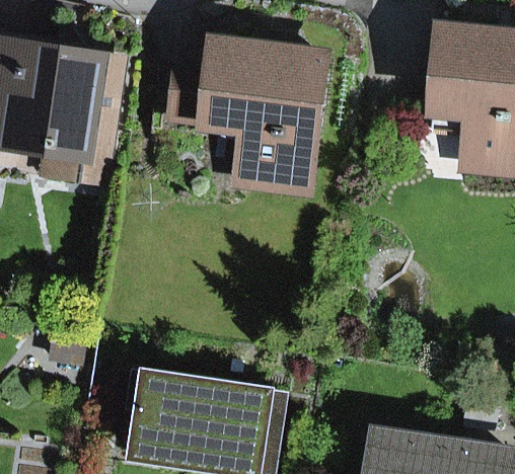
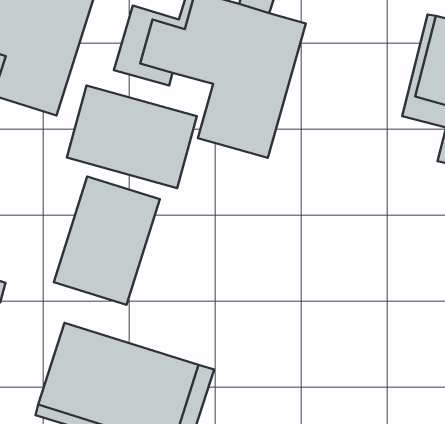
building: none -> [67,86,197,188]
building: none -> [54,177,160,305]

